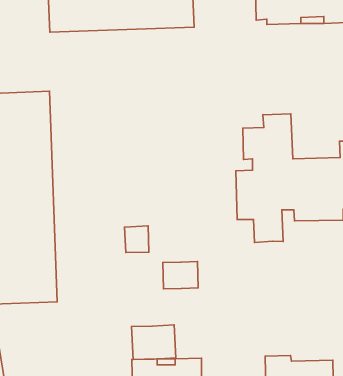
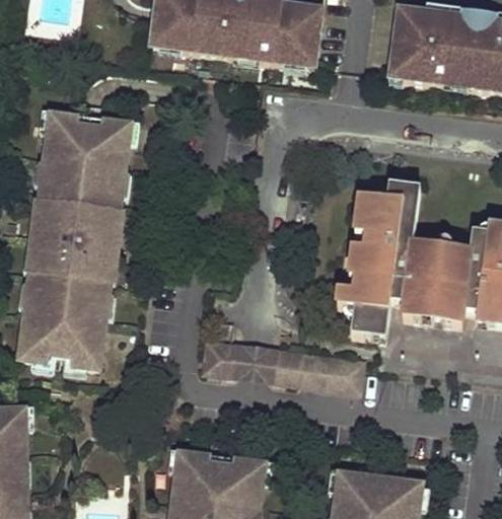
building: [124,226,149,252] -> [206,339,237,373]
building: none -> [275,347,365,389]
building: [132,325,176,359] -> none

